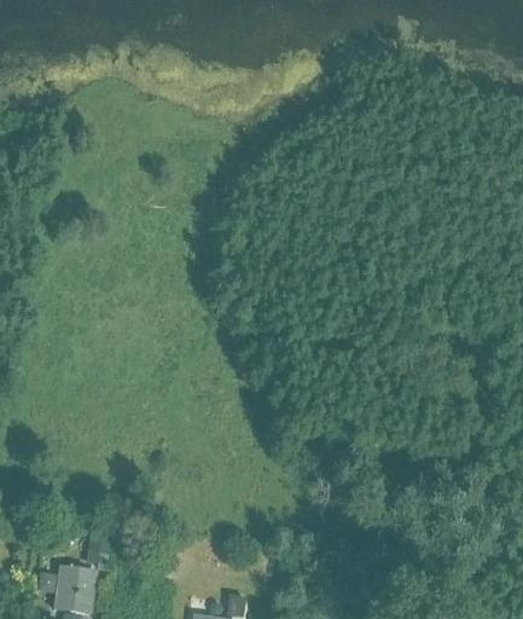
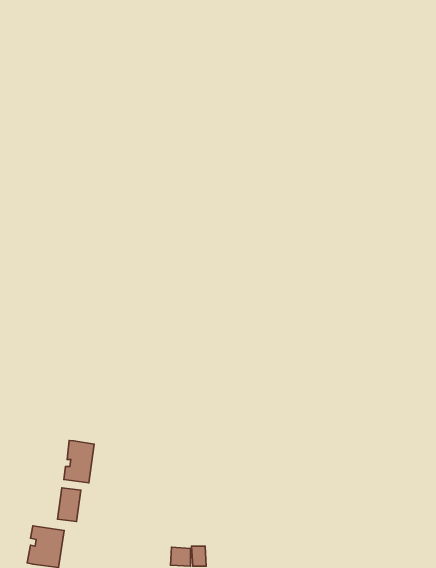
building: none -> [64,441,94,483]

